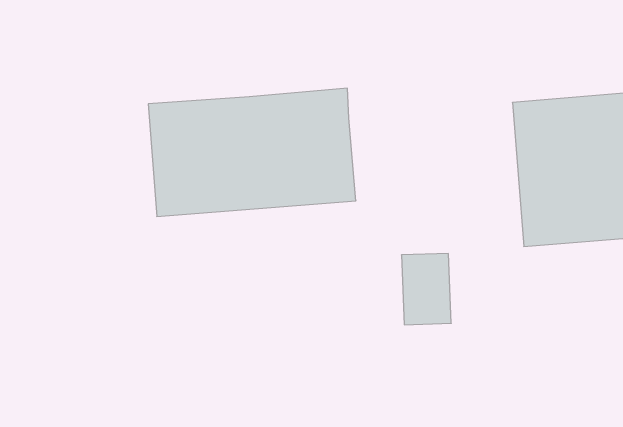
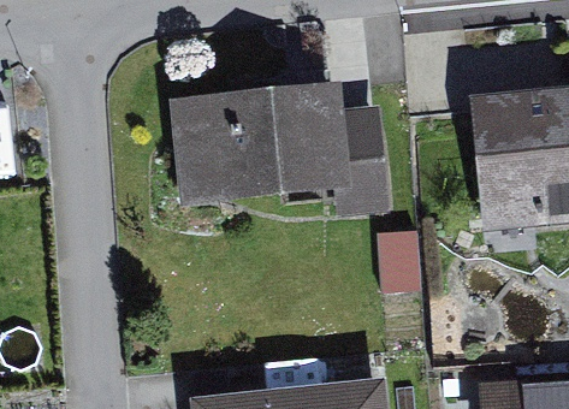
building: none -> [333,107,390,206]

